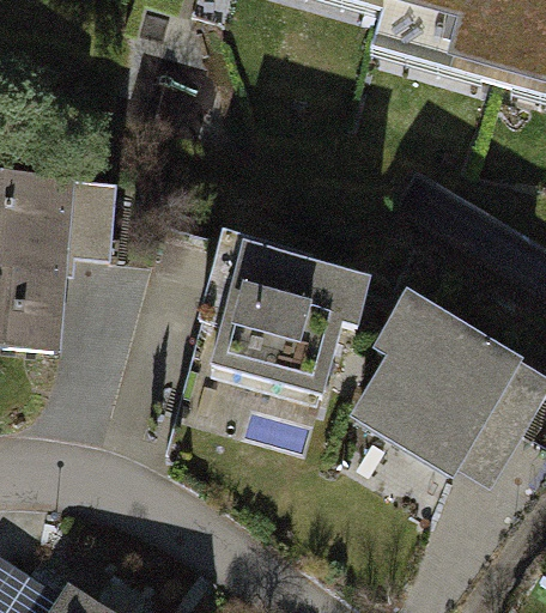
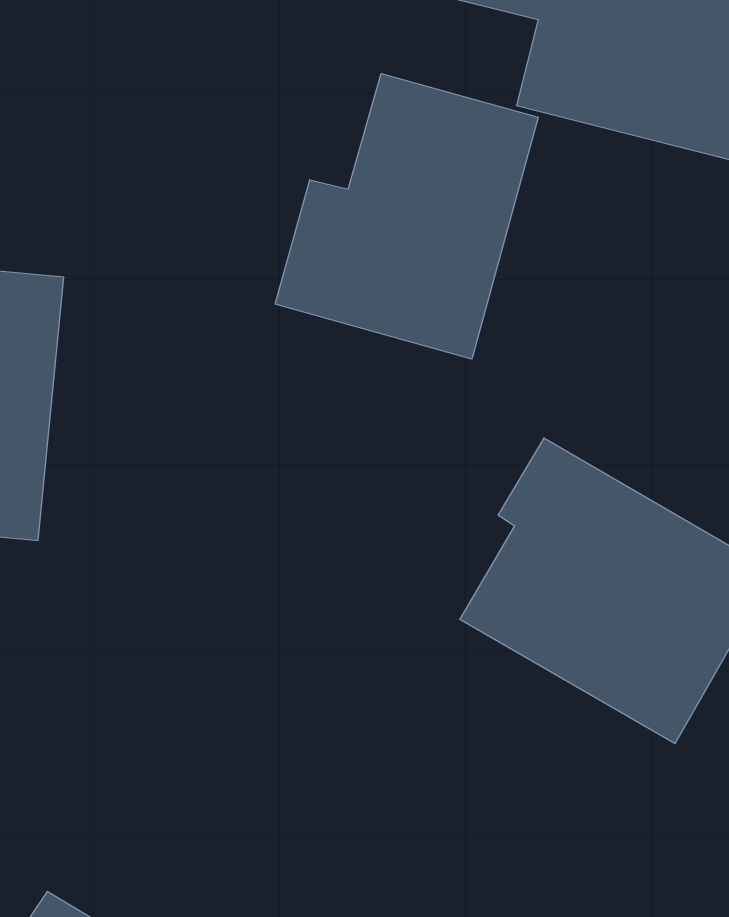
building: none -> [275,74,538,359]
building: [206,235,372,388] -> none

